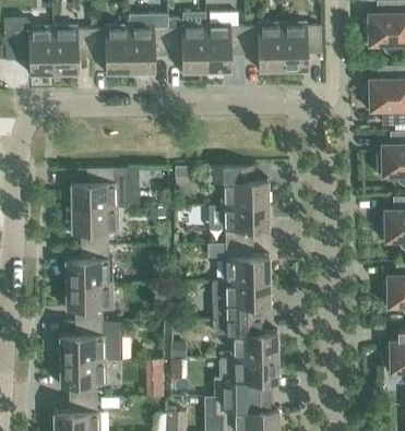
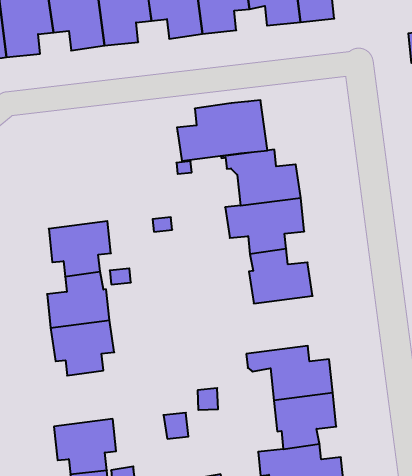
building: [71,168,139,208] -> [177,100,267,161]
building: [213,282,270,321] -> none
building: [60,322,122,361] -> none

